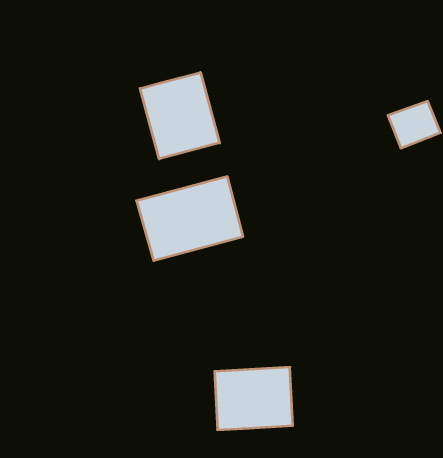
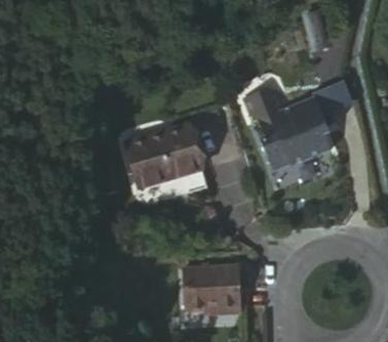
building: [140,72,220,159] -> none
building: none -> [238,95,325,172]

